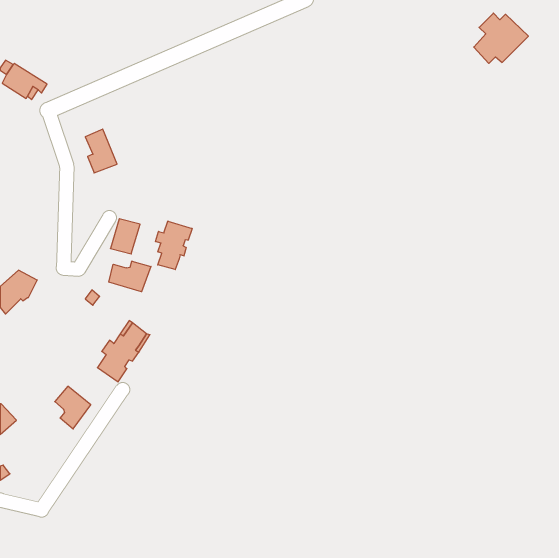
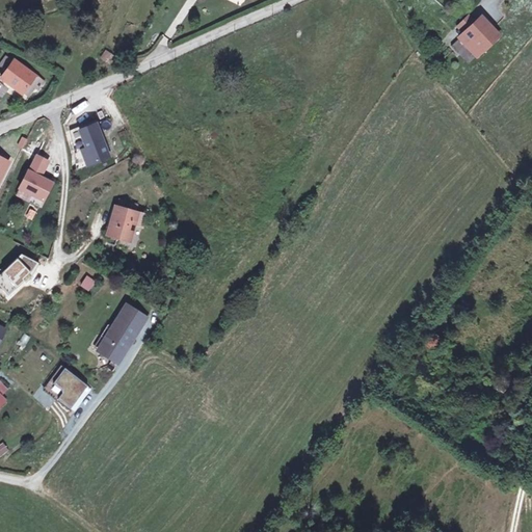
building: none -> [21,156,54,201]
building: [156,221,192,270] -> none
building: [109,261,151,292] -> none

